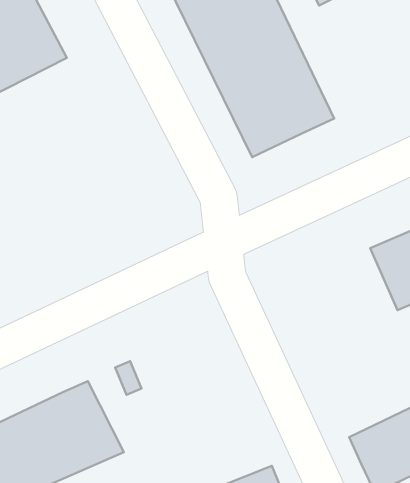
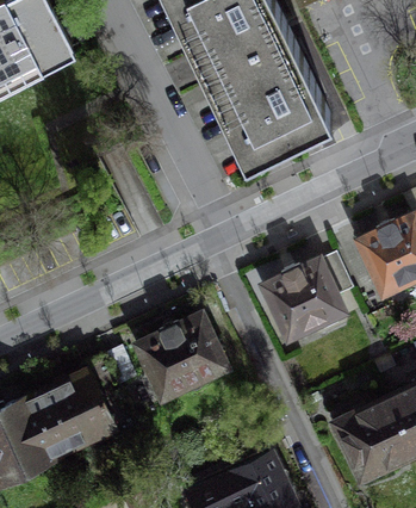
building: none -> [263,259,344,340]
building: none -> [138,315,225,395]

